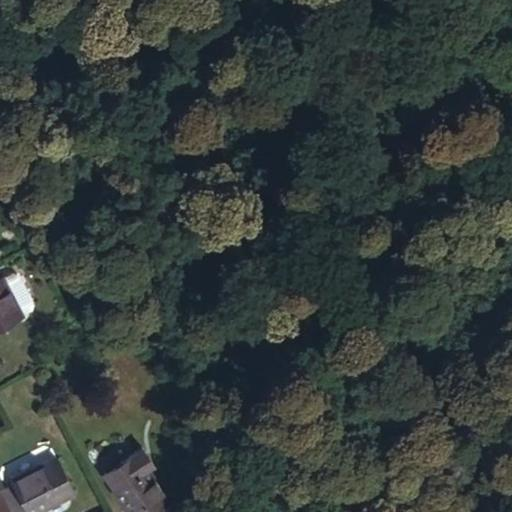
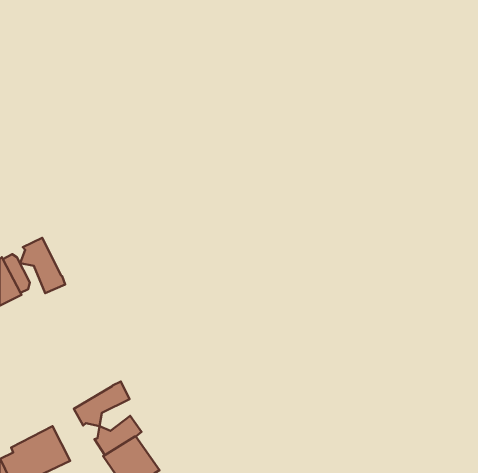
building: none -> [20,238,65,293]
building: none -> [74,382,130,426]

